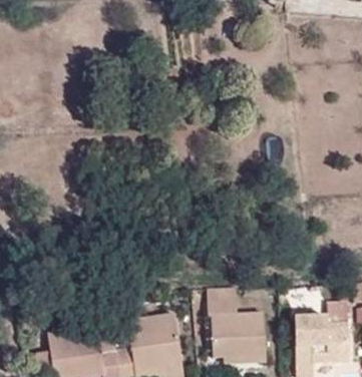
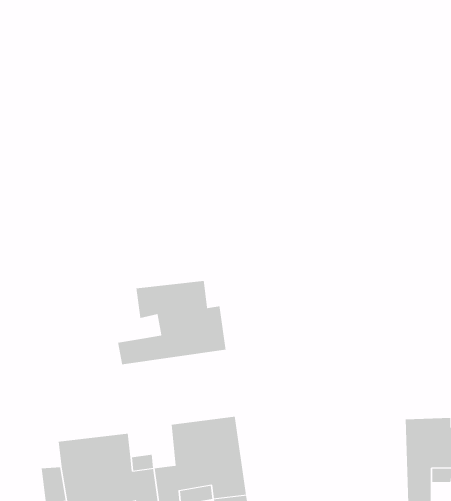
building: none -> [117,280,226,365]
building: [207,298,266,361] -> none

